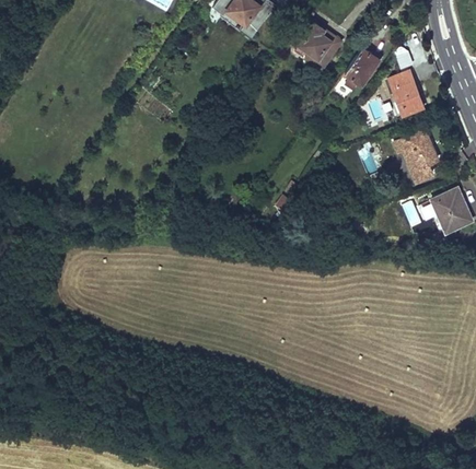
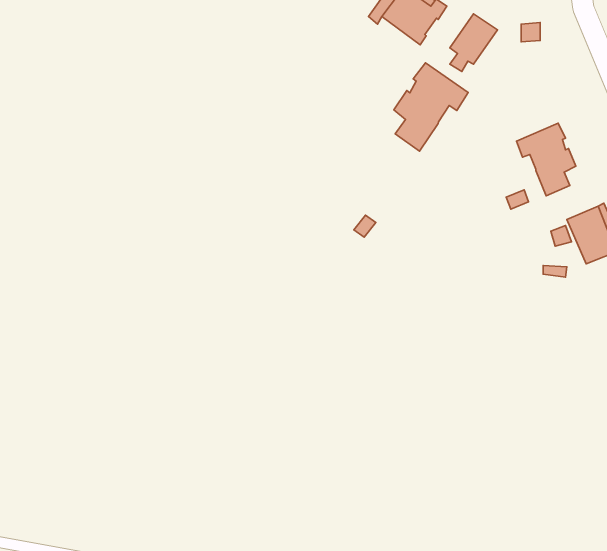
building: [390,72,423,116] -> none
building: none -> [394,63,468,151]

